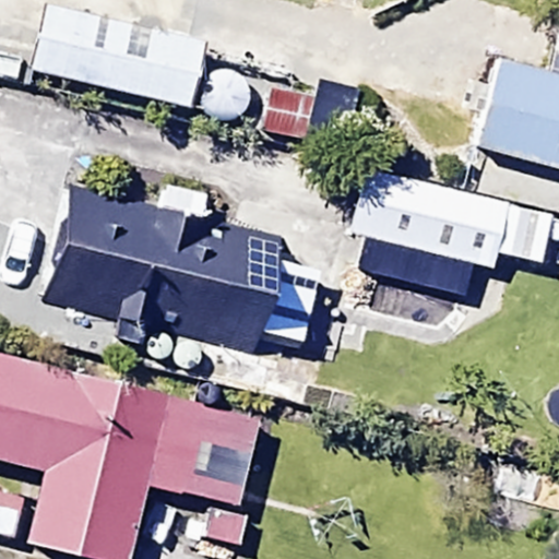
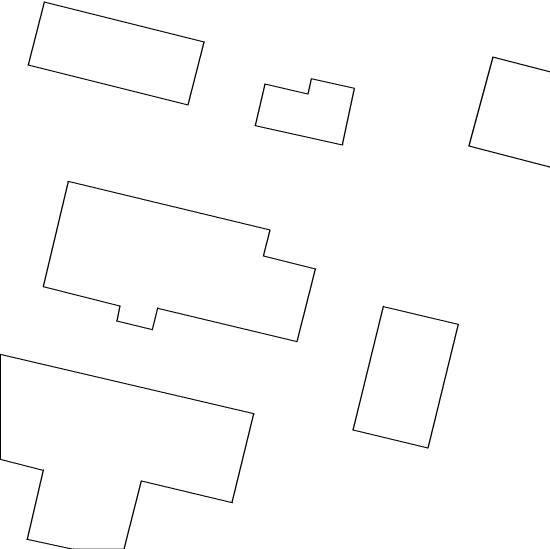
building: [348,171,549,269] -> none
building: none -> [353,306,458,448]

